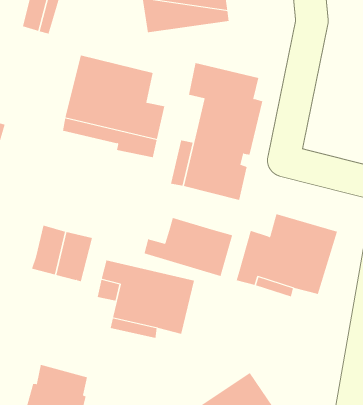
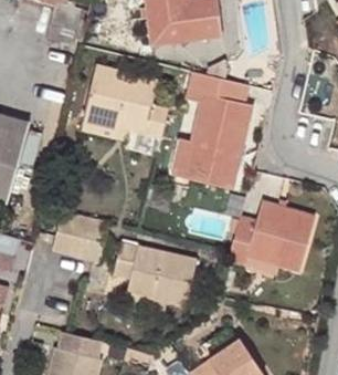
building: [144,217,233,277] -> none

